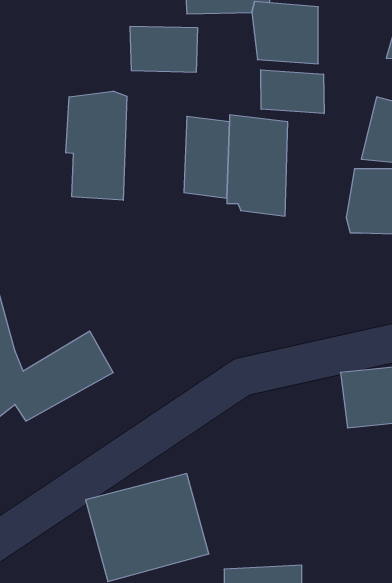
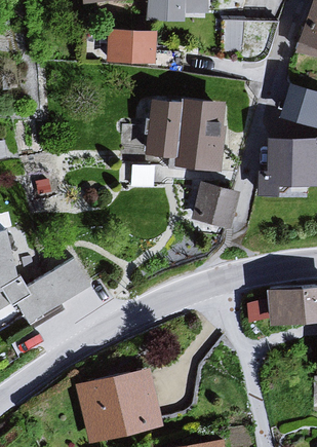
building: [261,70,324,114] -> none
building: [66,91,127,200] -> none
building: none -> [197,183,238,229]

